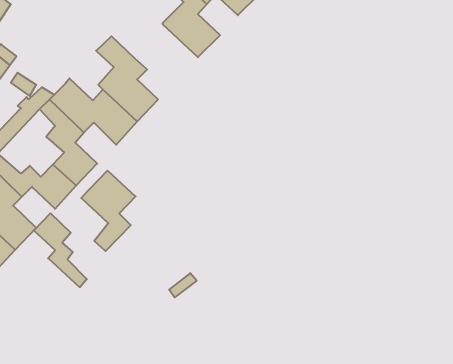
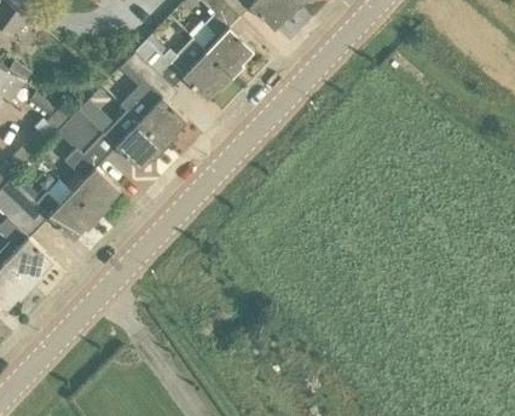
building: none -> [135,39,230,100]
building: [82,171,136,251] -> none
building: [34,213,87,287] -> none

